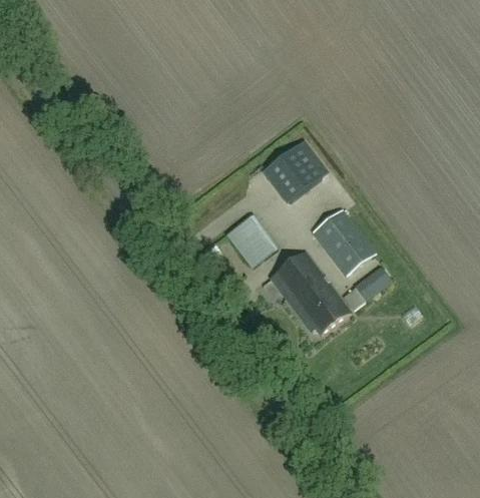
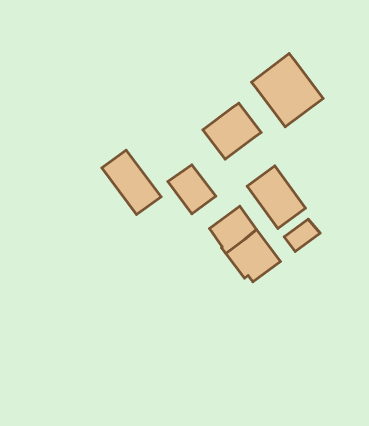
building: none -> [251,54,323,127]
building: none -> [102,150,161,214]

